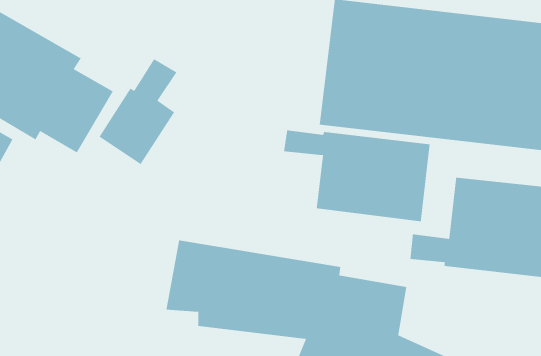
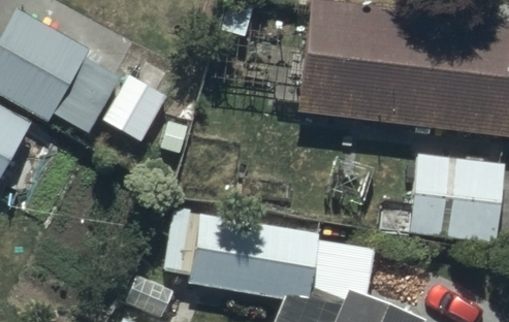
building: [283,130,431,222] -> none

